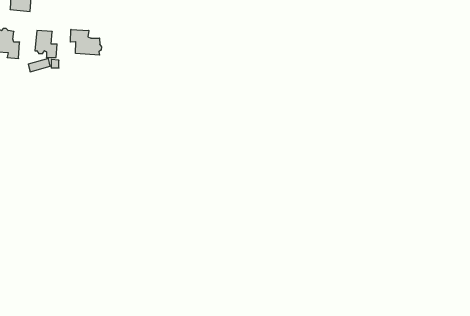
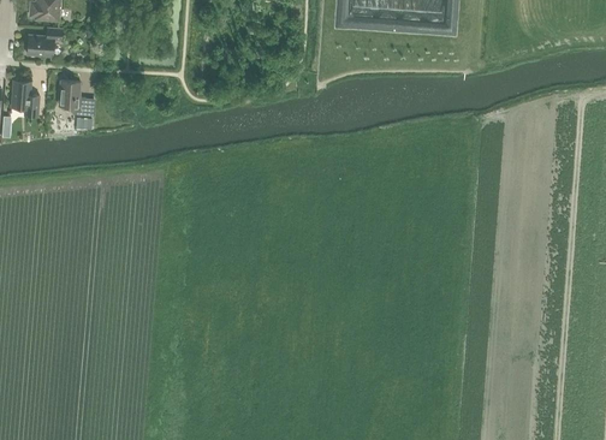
building: [71,29,102,55] -> none

